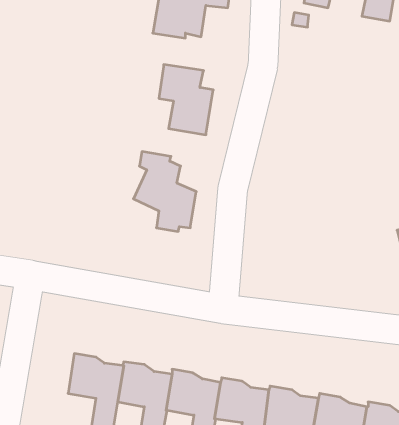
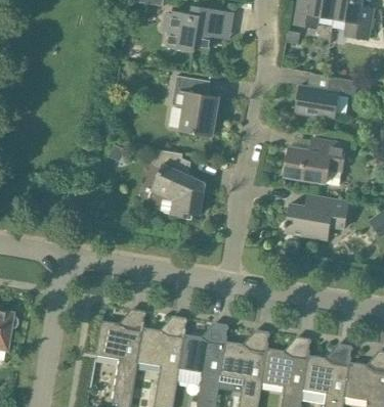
building: none -> [295,77,357,120]
building: none -> [286,138,346,186]
building: none -> [285,195,349,239]

